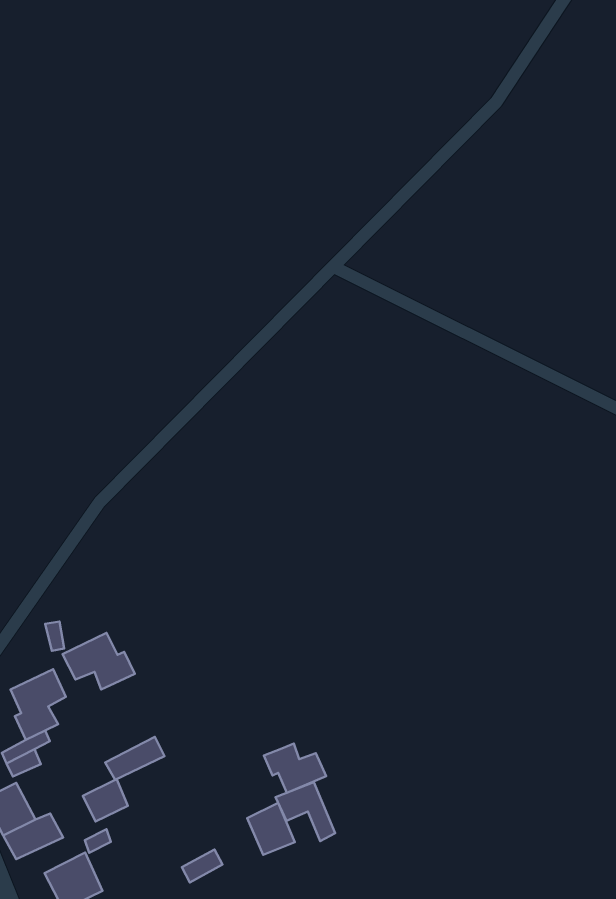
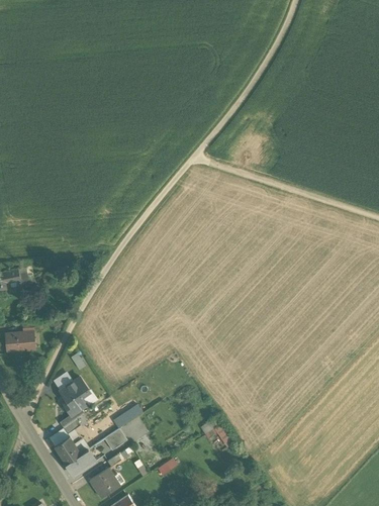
building: [62,633,135,689] -> none
building: [264,743,326,793] -> none
building: [247,803,295,855] -> none

